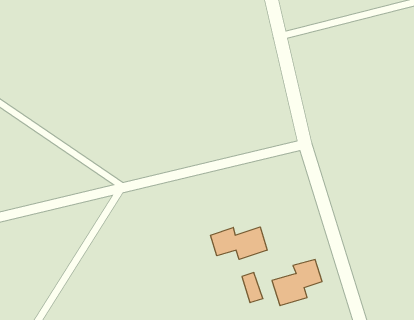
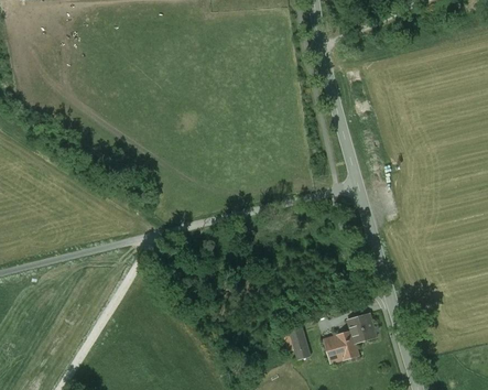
building: [211,227,267,259] -> none

